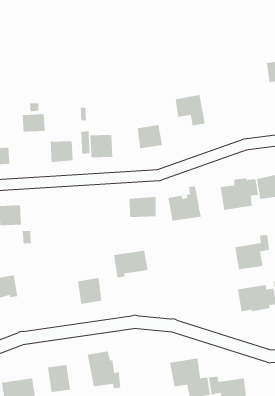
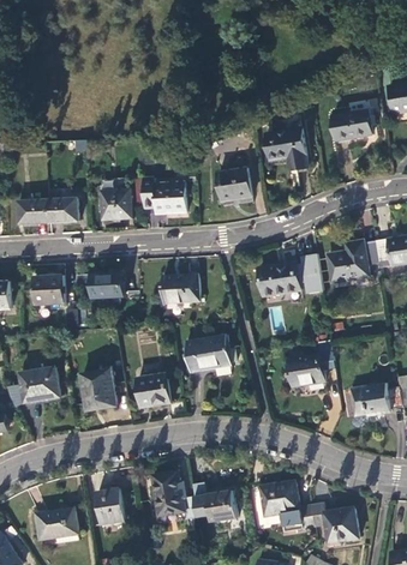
building: none -> [329,110,370,142]
building: [22,114,45,132] -> [46,198,77,222]
building: none -> [295,253,321,294]
building: [128,197,157,217] -> [160,275,197,302]
building: none -> [90,272,122,299]
building: [235,235,270,270] -> [286,341,333,387]
building: none -> [79,369,114,409]
building: none -> [190,482,237,522]

